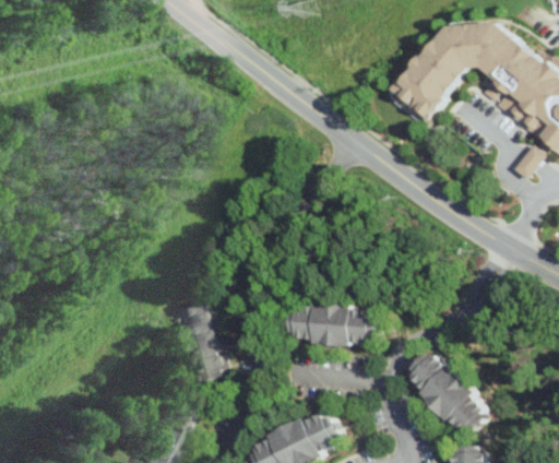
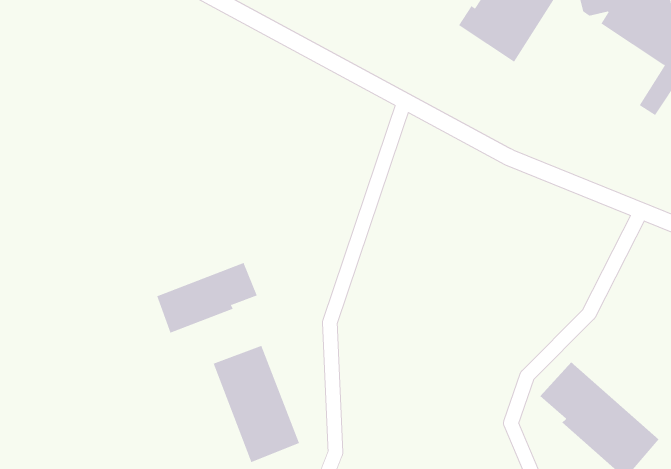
building: none -> [156,262,257,333]
building: [286,302,376,345] -> none

